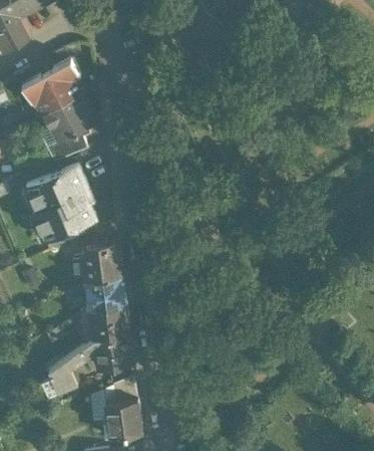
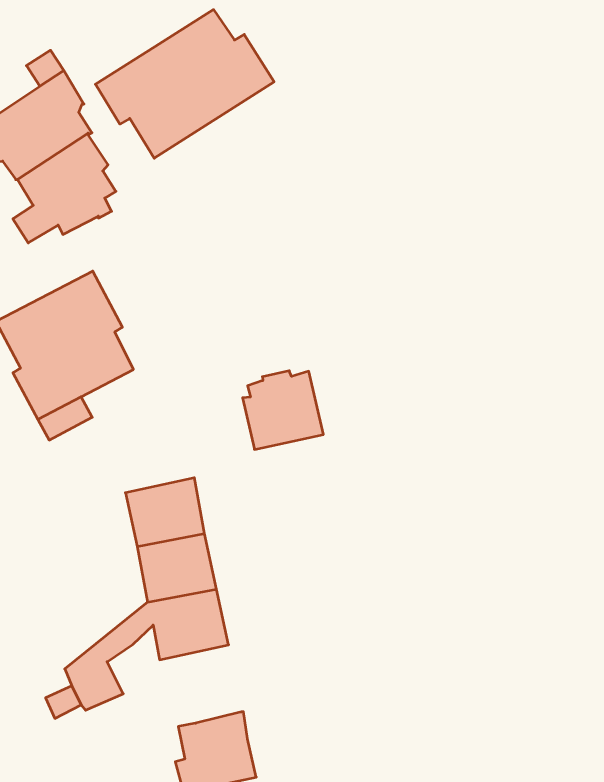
building: none -> [95,10,274,158]
building: [44,138,86,163] -> none
building: [80,242,120,281] -> [243,371,323,449]
building: [105,377,135,403] -> none

